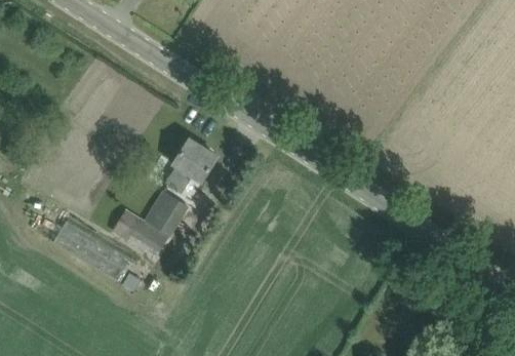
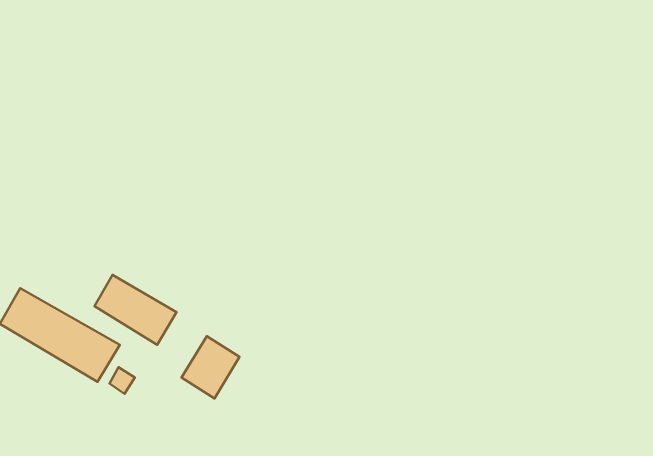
building: [165,139,216,193] -> none
building: [148,191,188,234] -> [182,336,240,398]

